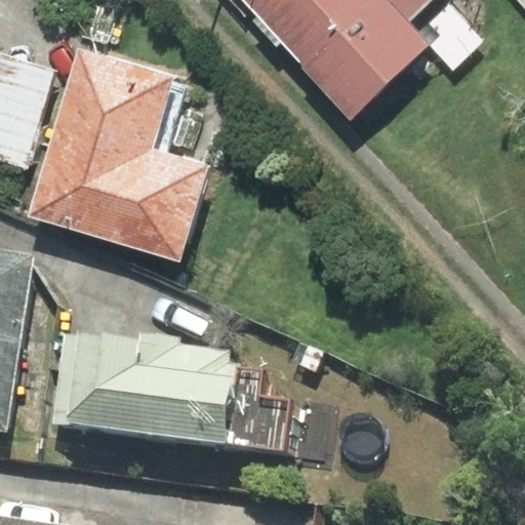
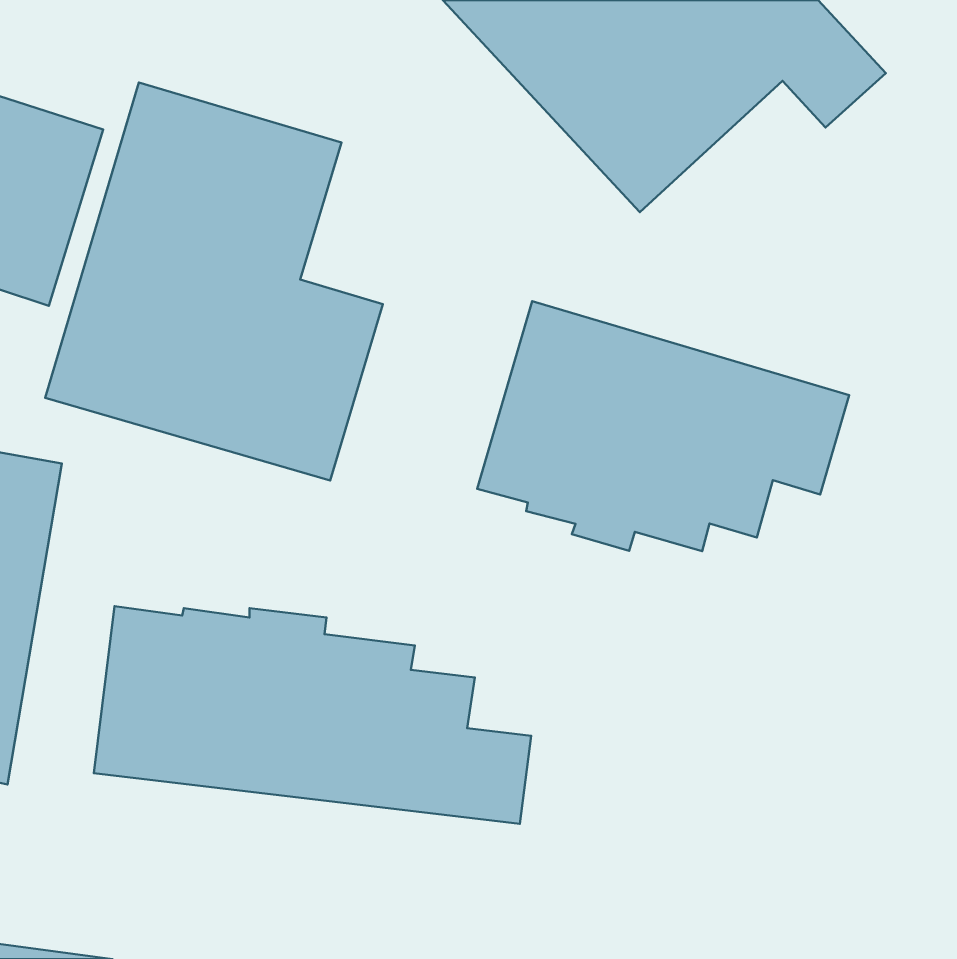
building: none -> [477,301,849,551]

